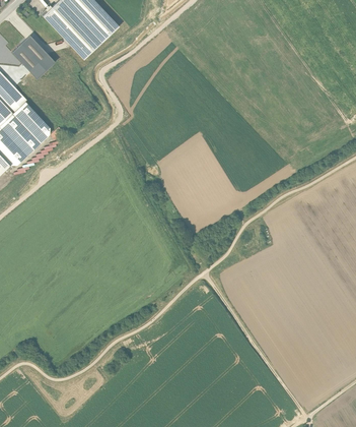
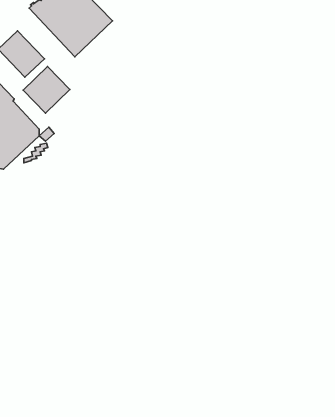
building: none -> [23,67,70,113]

